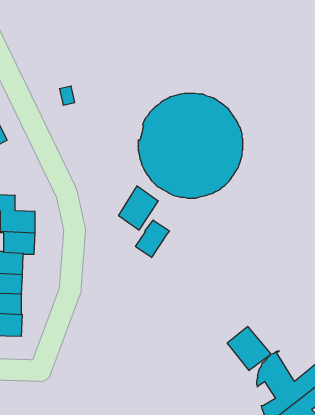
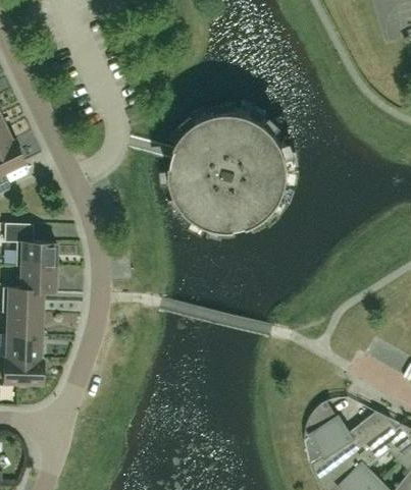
building: [119,186,158,230] -> none
building: [136,220,169,258] -> none
building: [227,326,271,371] -> none

